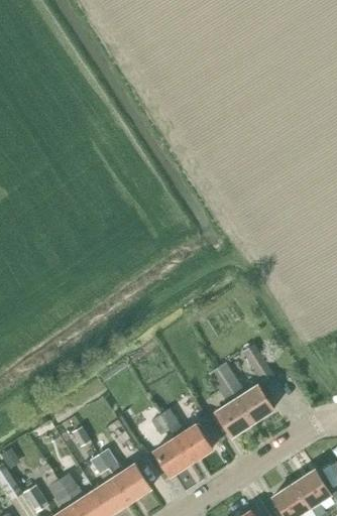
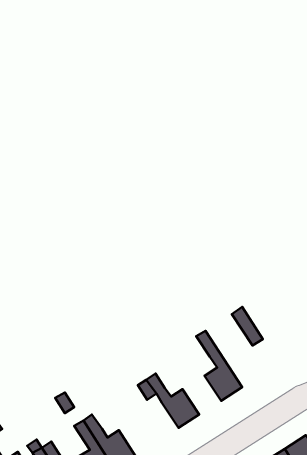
building: [218,363,273,422] -> none
building: [154,437,192,476] -> none

